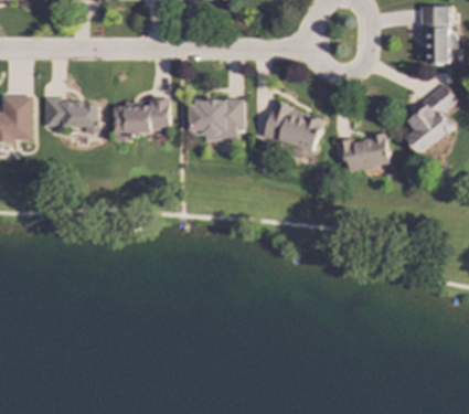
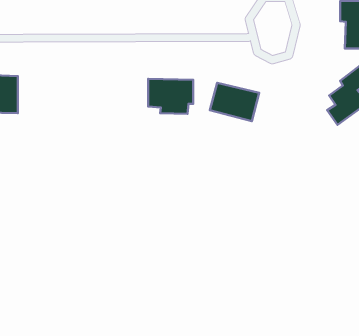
building: [113,98,169,142] -> none
building: [44,100,99,135] -> none
building: [342,134,388,171] -> none

